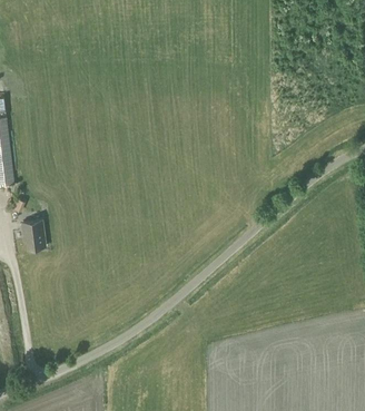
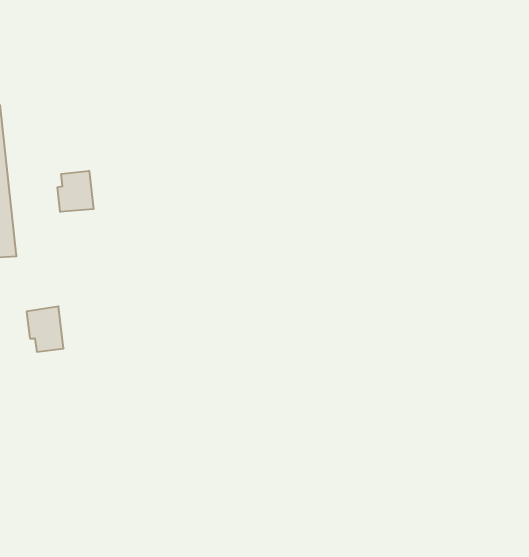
building: none -> [57,171,94,212]

